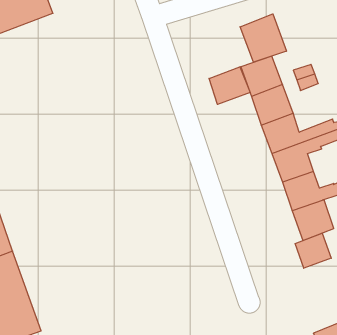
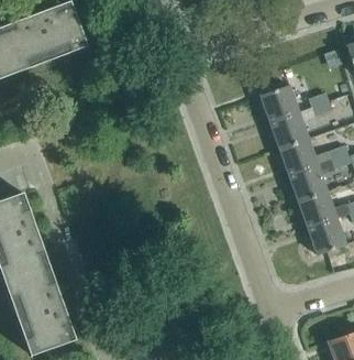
building: [240,14,286,62] -> none
building: [209,67,250,104] -> none
building: [295,233,331,268] -> none

